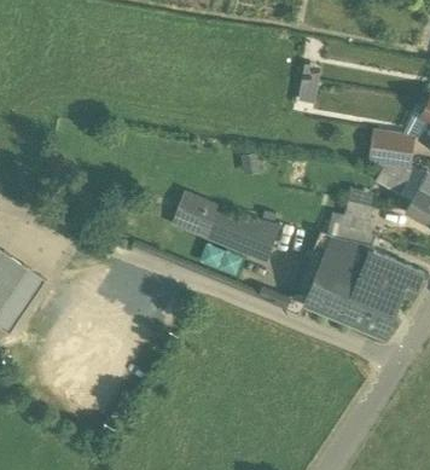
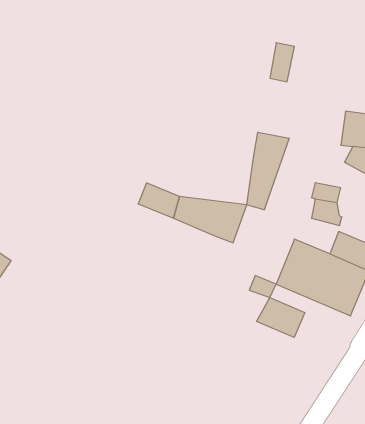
building: none -> [247,132,289,210]
building: [325,236,372,272] -> none
building: none -> [257,298,305,337]

